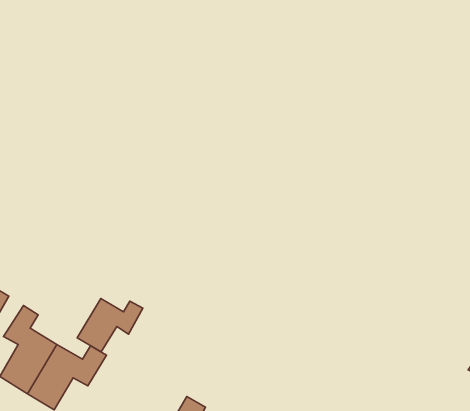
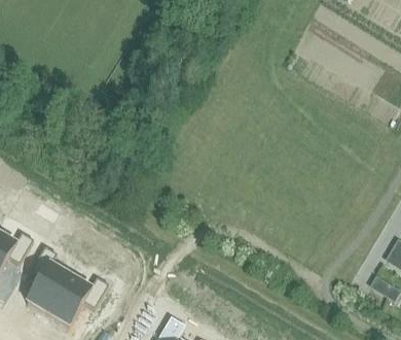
building: [77,298,143,352] -> none

